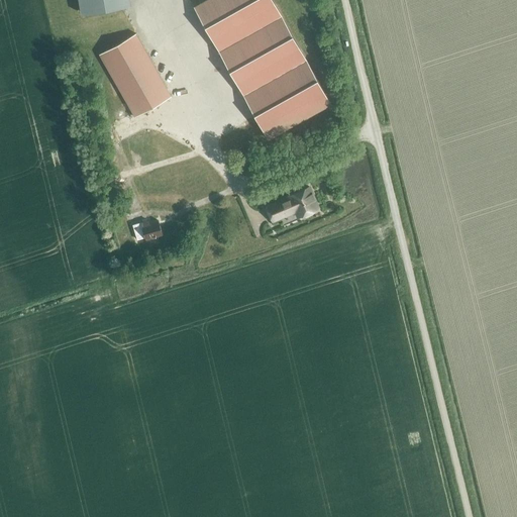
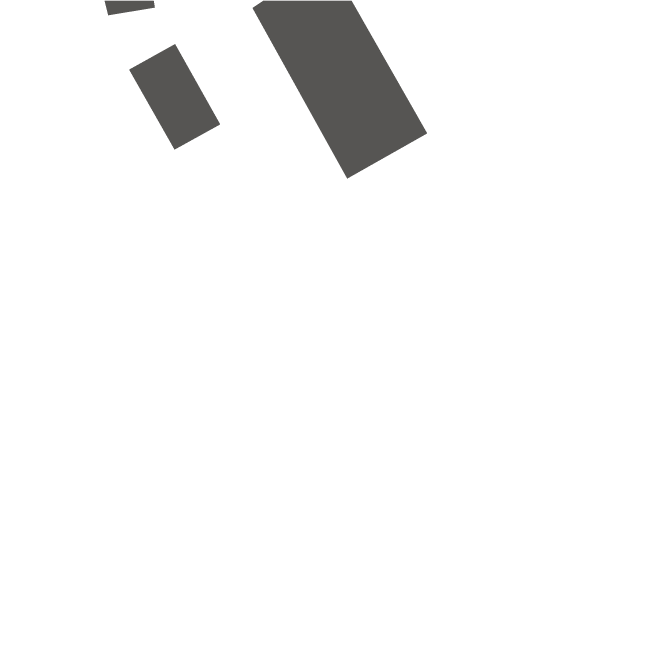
building: [267,188,318,221] -> none
building: [132,221,163,240] -> none

